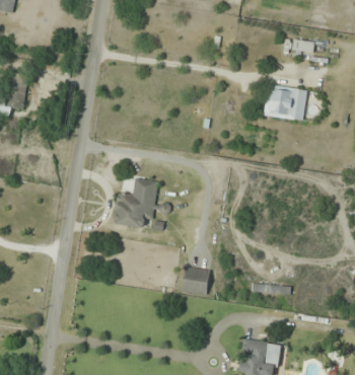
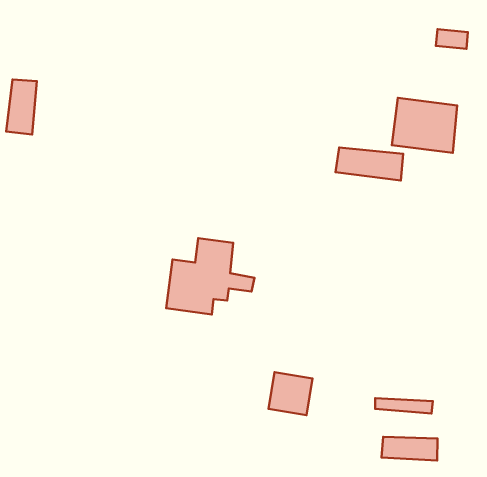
building: none -> [335,148,403,180]
building: none -> [381,437,438,461]

